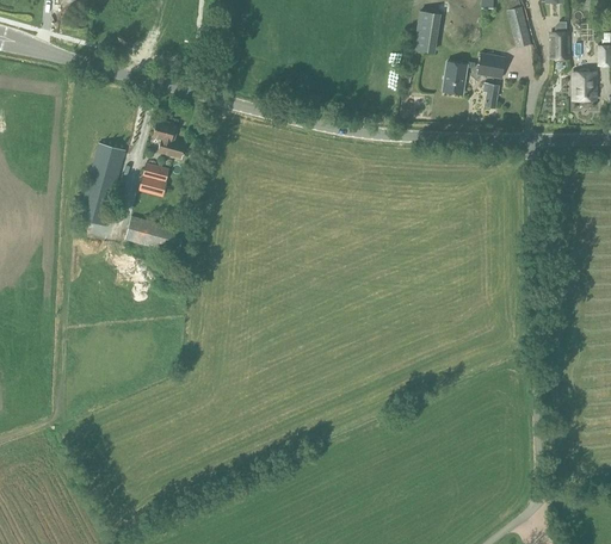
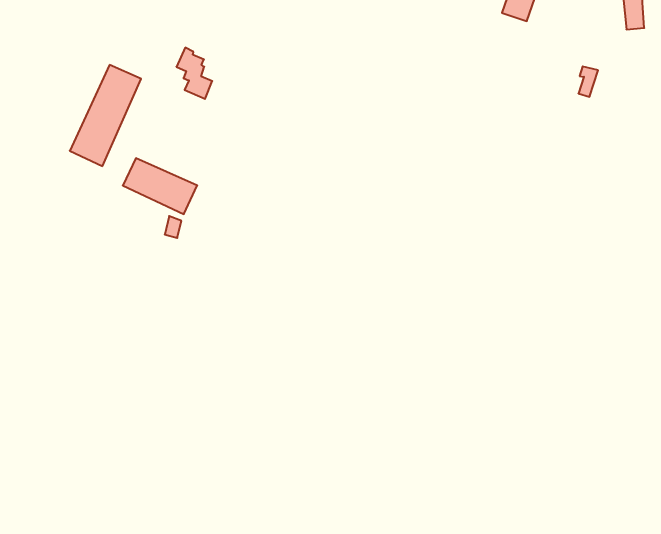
building: [477,51,506,78] -> none
building: [443,61,468,93] -> none
building: [138,161,169,198] -> none

